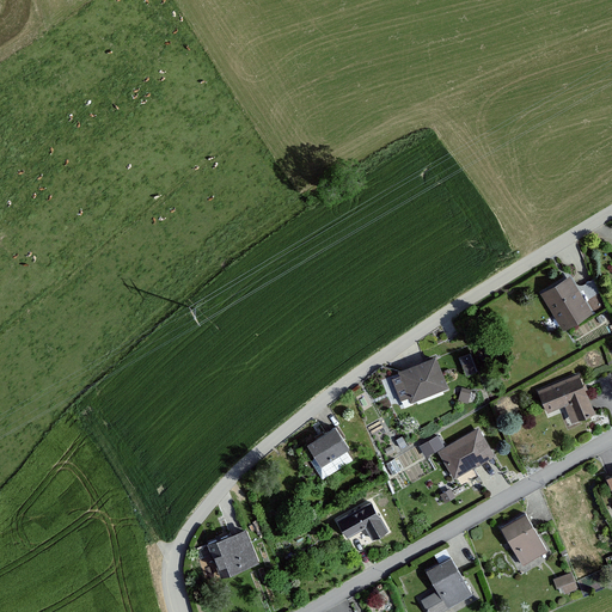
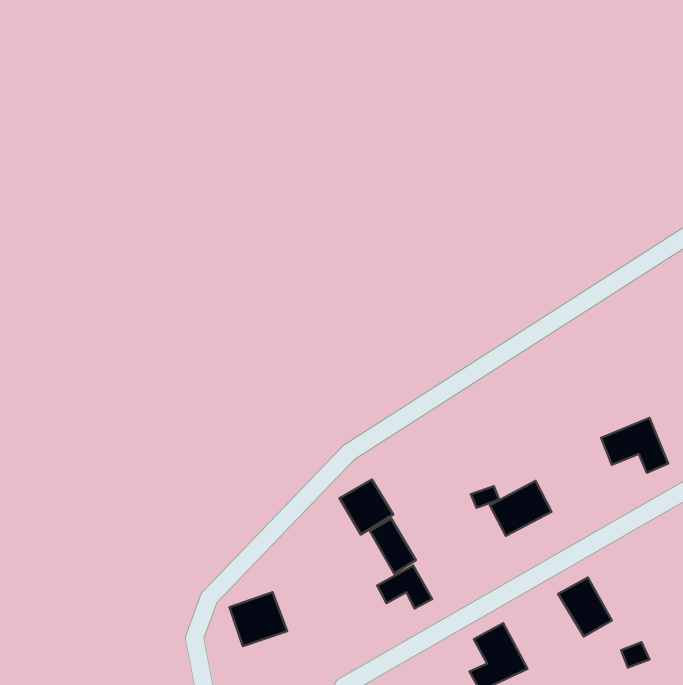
building: [537,276,605,332] -> none
building: [388,355,448,405] -> none
building: none -> [370,518,416,573]

